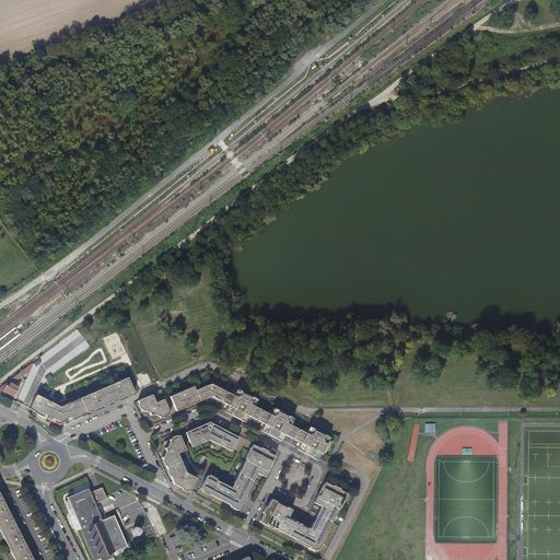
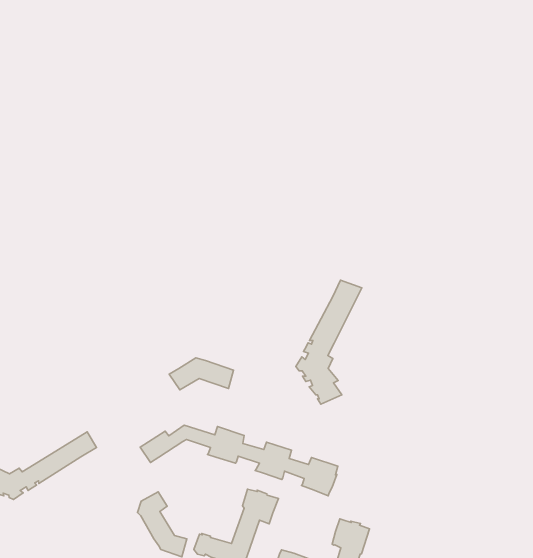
building: none -> [296,280,362,404]
building: [139,394,171,419] -> none
building: [186,422,240,452] -> [169,358,234,390]

